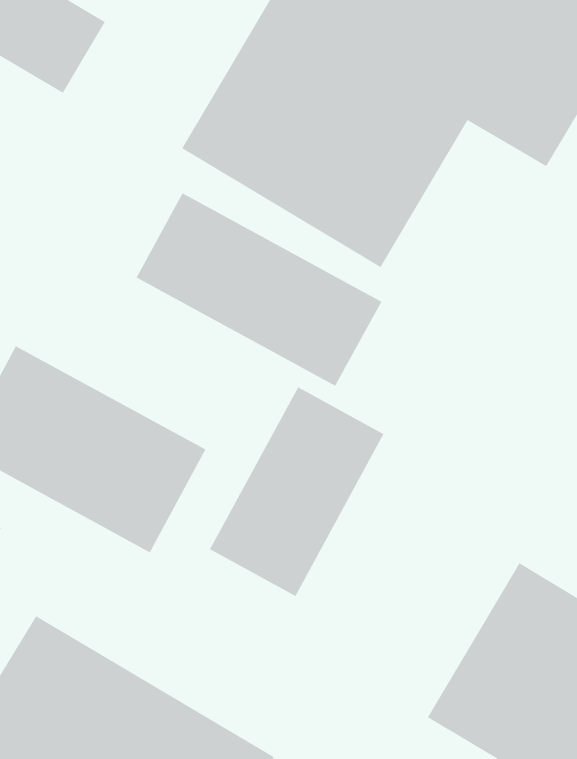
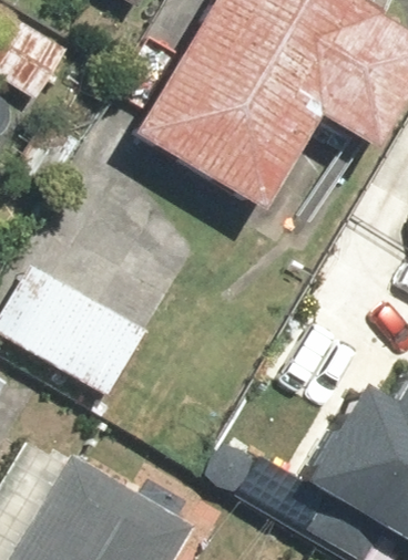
building: [135,192,382,387] -> none
building: [209,386,385,597] -> none

